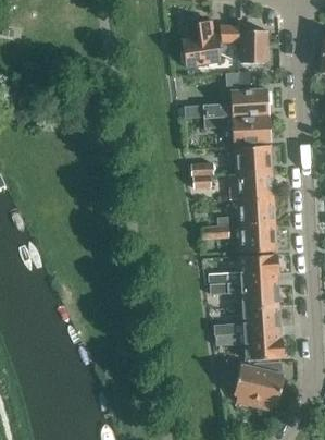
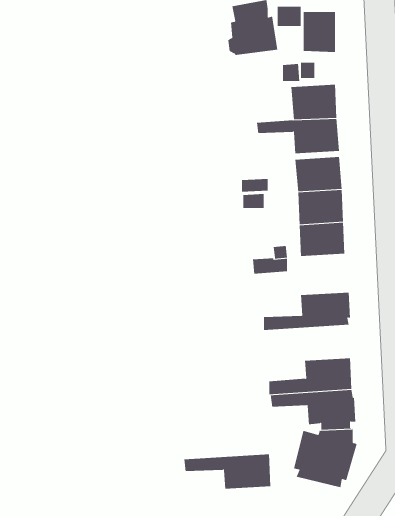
building: [239,223,277,253] -> none
building: [210,280,279,308] -> [184,454,271,489]

